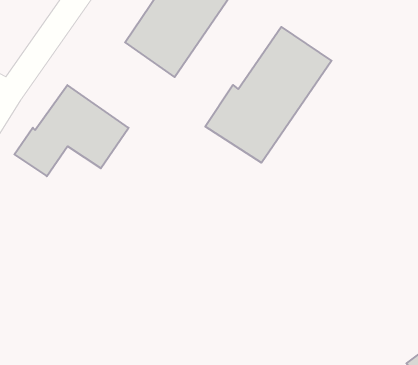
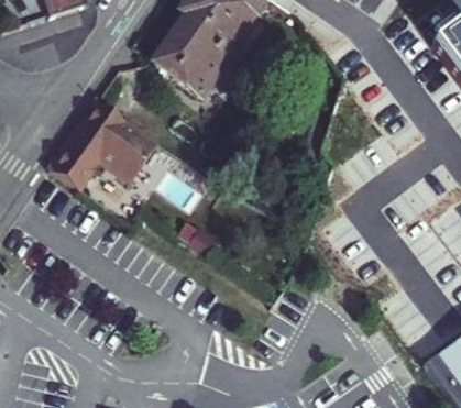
building: [205,27,332,163] -> none

